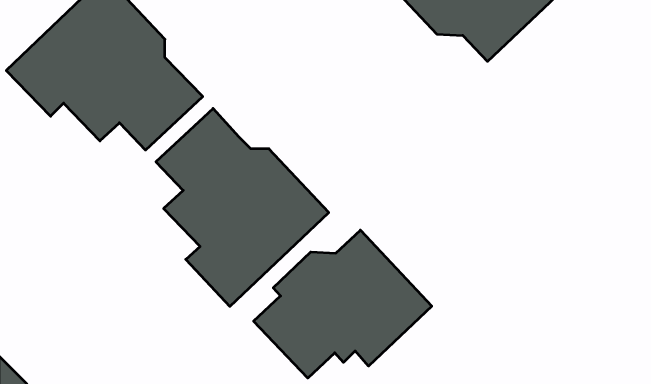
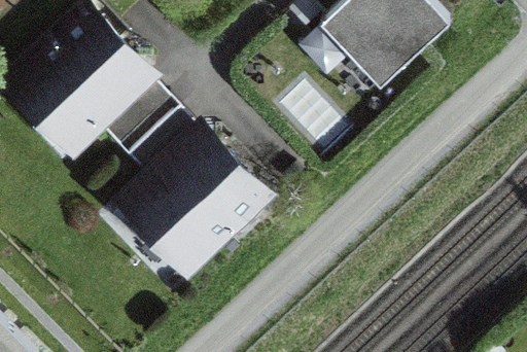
building: [254,230,432,378] -> none

